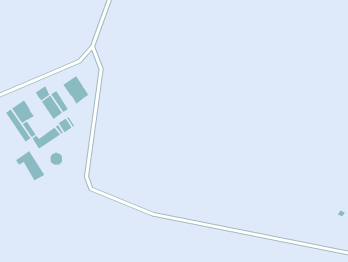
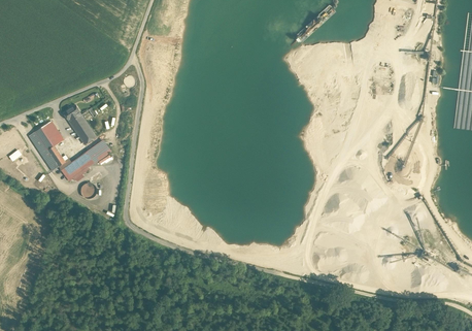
building: [62,75,89,105] -> none
building: [15,150,45,181] -> none

